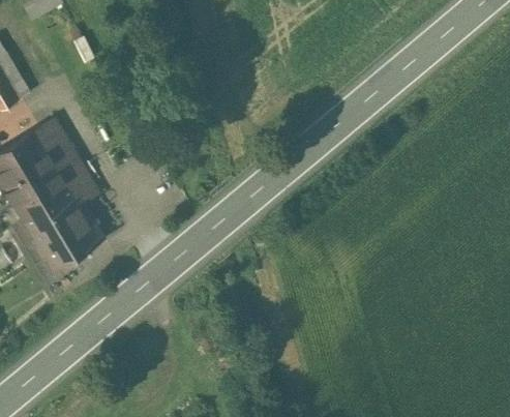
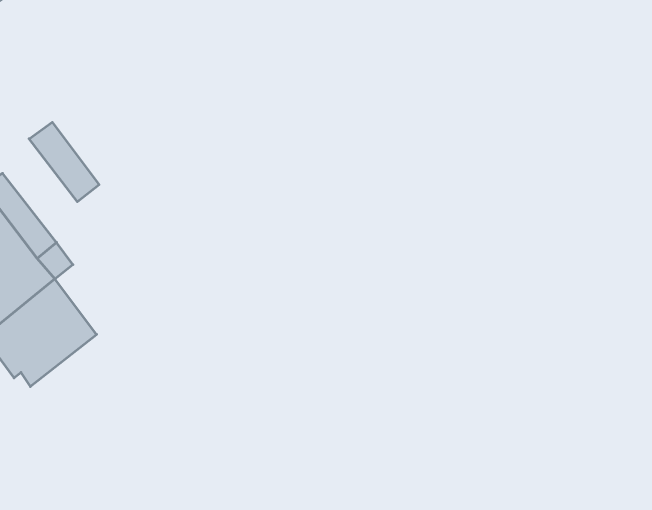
building: none -> [29,122,99,202]

